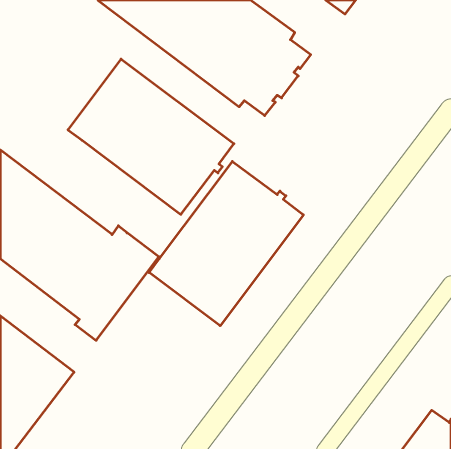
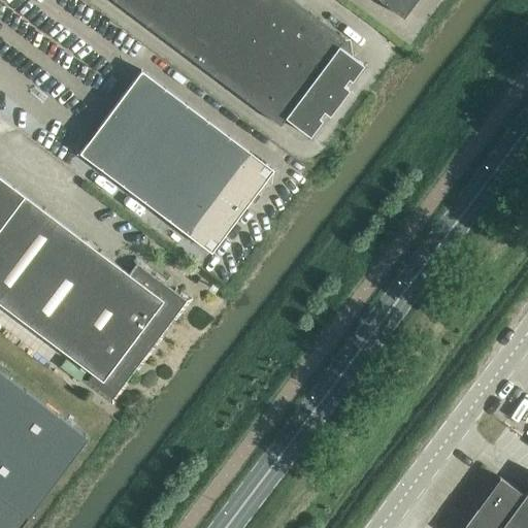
building: [149,161,303,326] -> none

